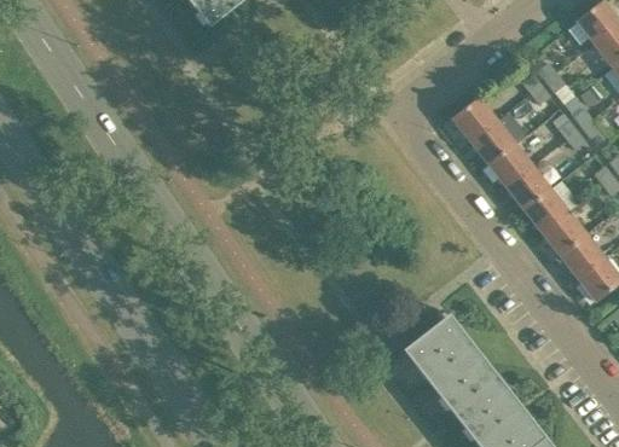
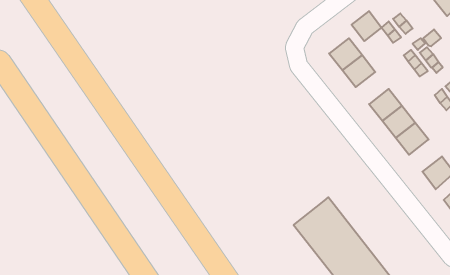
building: none -> [352,11,382,41]
building: [488,143,533,186] -> none
building: [561,234,606,278] -> none

